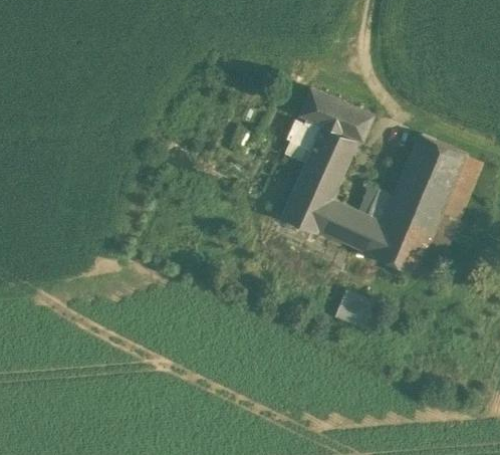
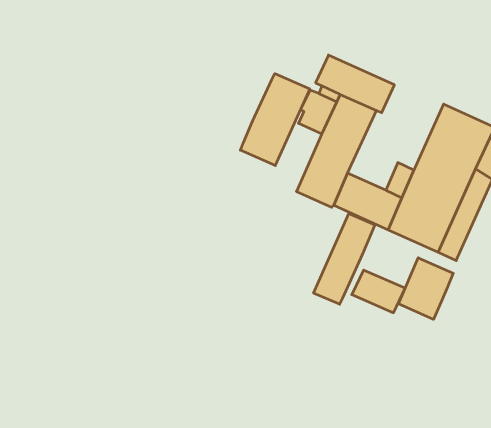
building: none -> [240,74,310,166]
building: none -> [314,214,375,304]
building: none -> [398,258,453,319]

